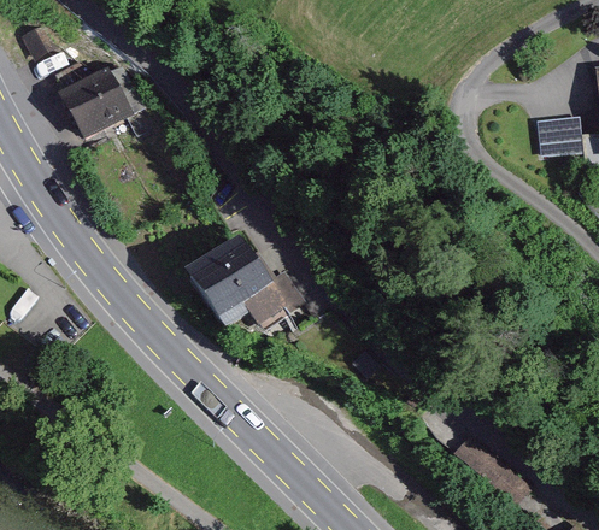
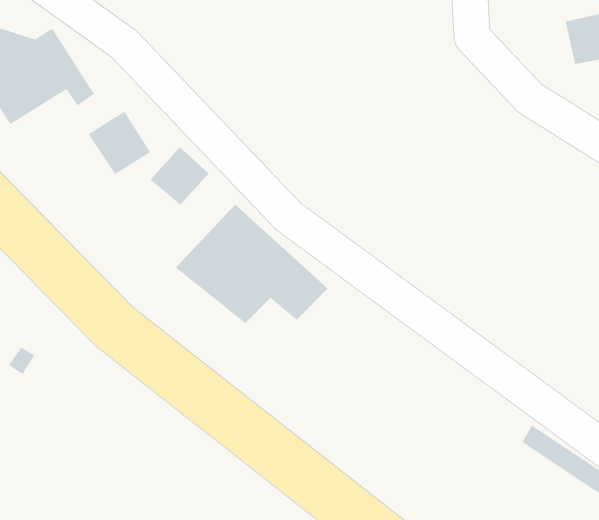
building: none -> [88,111,151,175]
building: none -> [150,147,209,206]

